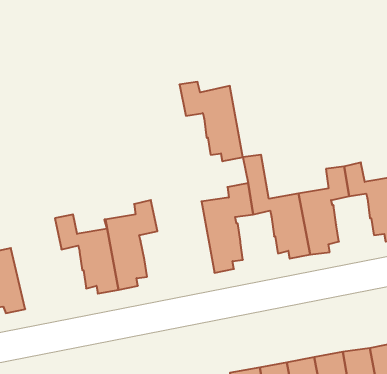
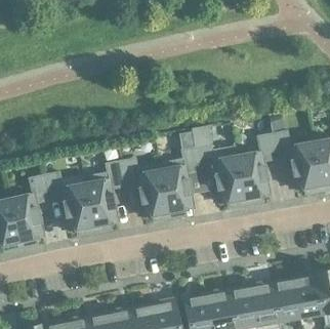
building: [179,82,243,161] -> [121,158,171,220]
building: none -> [10,174,50,246]

